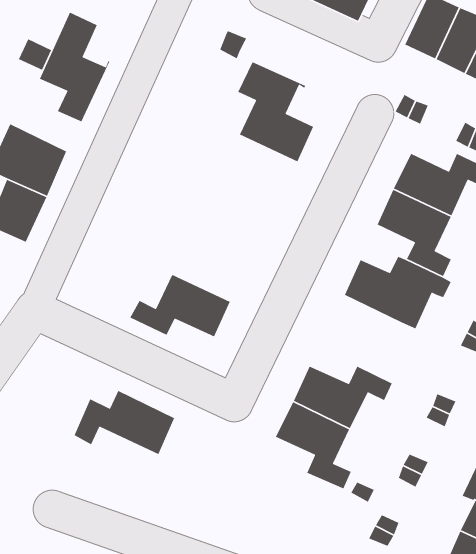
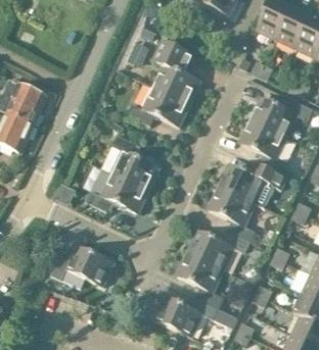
building: [39,12,110,123] -> none
building: none -> [127,87,190,127]
building: none -> [111,135,159,191]
building: none -> [208,187,256,242]
building: none -> [155,297,219,337]

